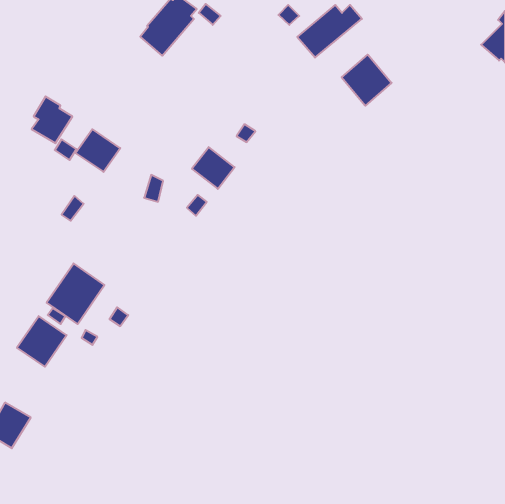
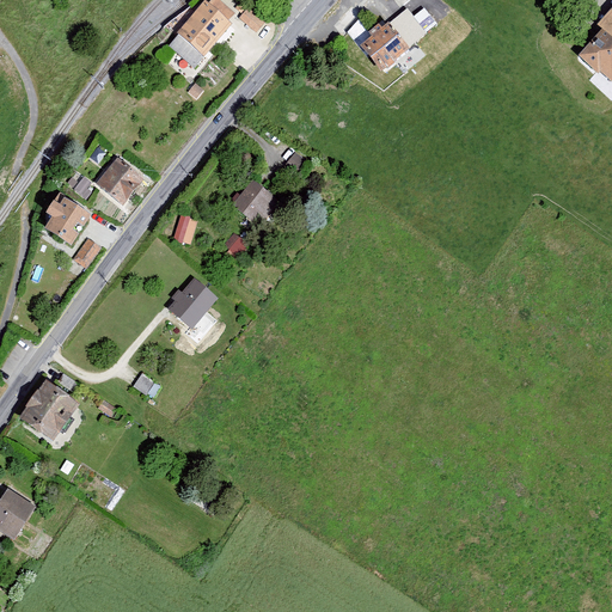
building: [342,55,392,106] -> none
building: [32,96,72,143] -> [44,190,93,246]
building: none -> [164,274,215,328]
building: [47,263,104,324] -> none

